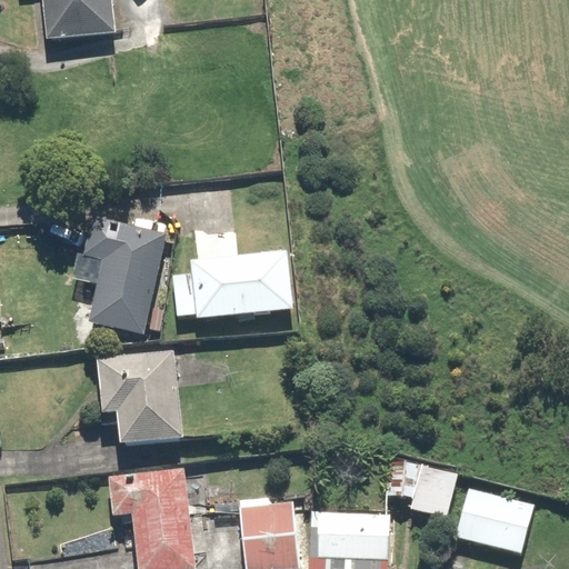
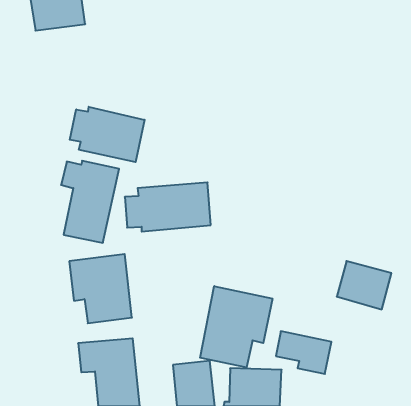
building: none -> [70,107,145,162]
building: none -> [200,286,272,368]
building: [457,486,532,552] -> [337,261,391,309]

